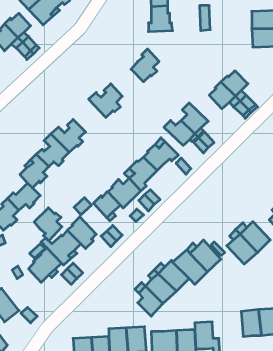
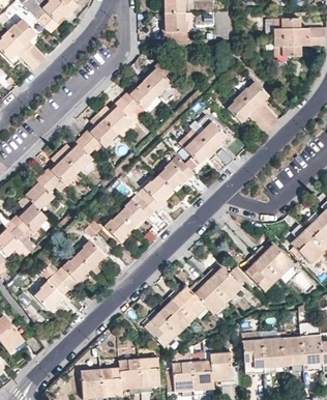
building: none -> [122,81,157,110]
building: none -> [82,113,117,148]
building: [34,208,62,241] -> none
building: none -> [243,341,264,375]

